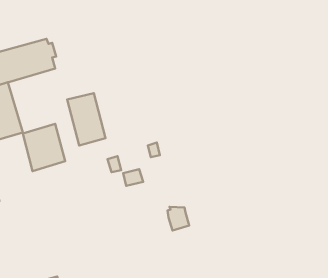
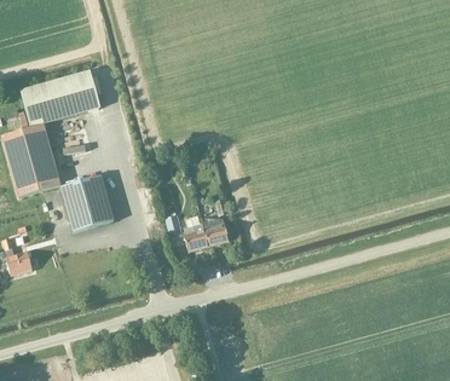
building: [67,93,105,145] -> none
building: [168,207,189,230] -> [202,217,229,246]

